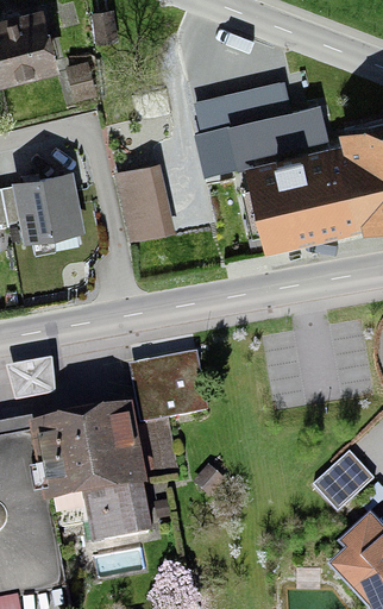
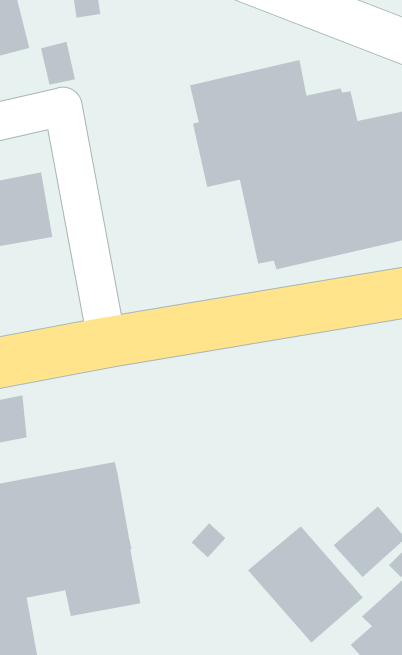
building: [114,159,175,240] -> none
building: [132,351,208,478] -> none
building: none -> [247,526,364,644]

